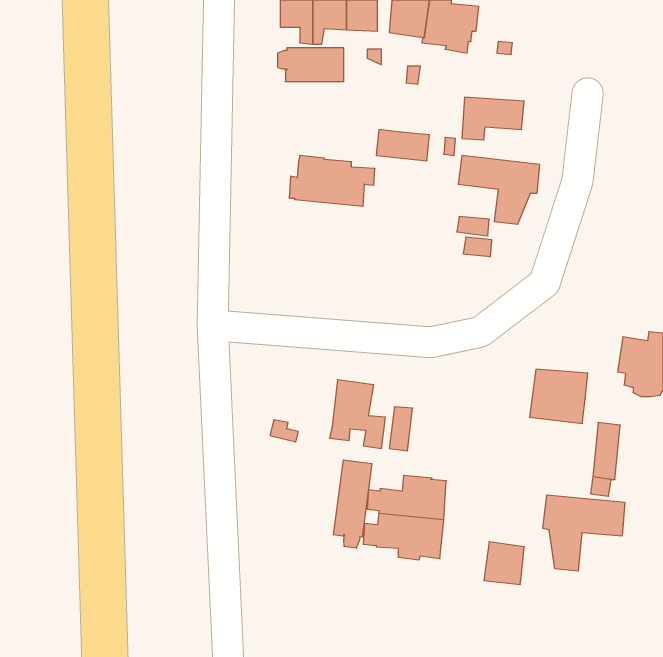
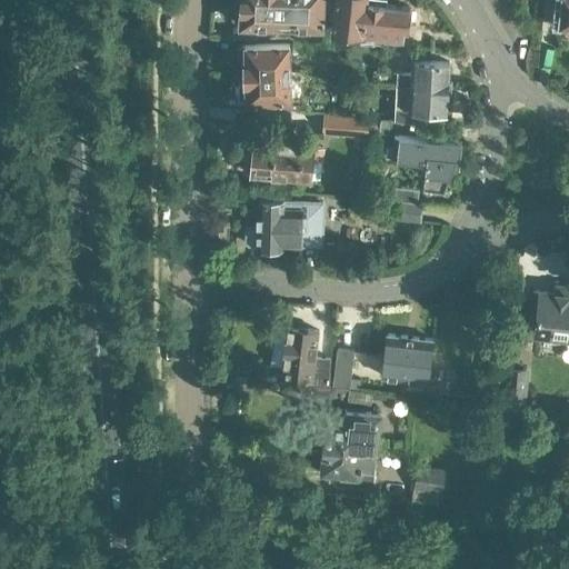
building: none -> [398,64,450,91]
building: none -> [239,74,295,112]
building: none -> [246,203,323,251]
building: [529,369,588,424] -> [382,339,432,386]
building: [333,460,372,548] -> none
building: [543,495,625,571] -> none

